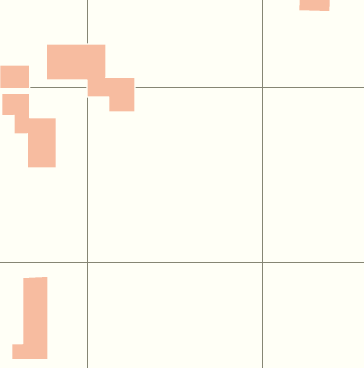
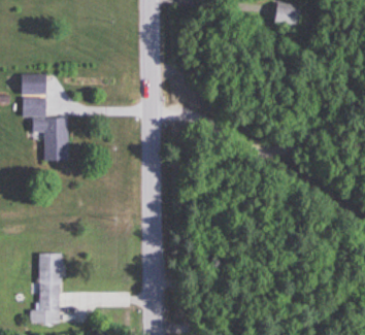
building: [47,44,135,112] -> none

